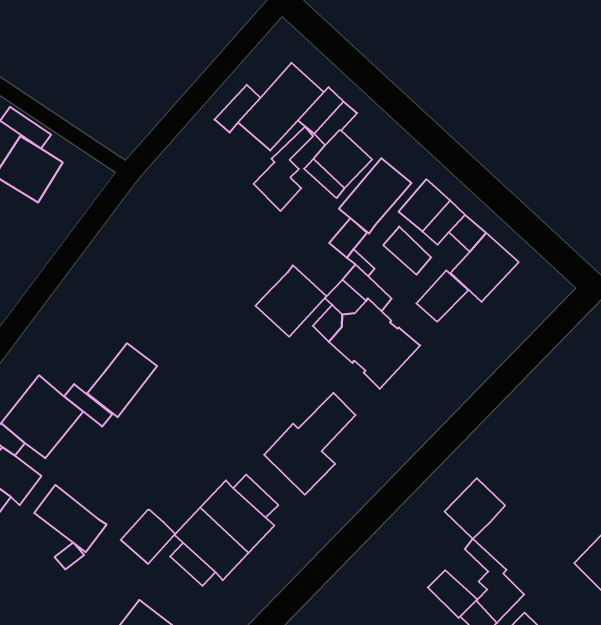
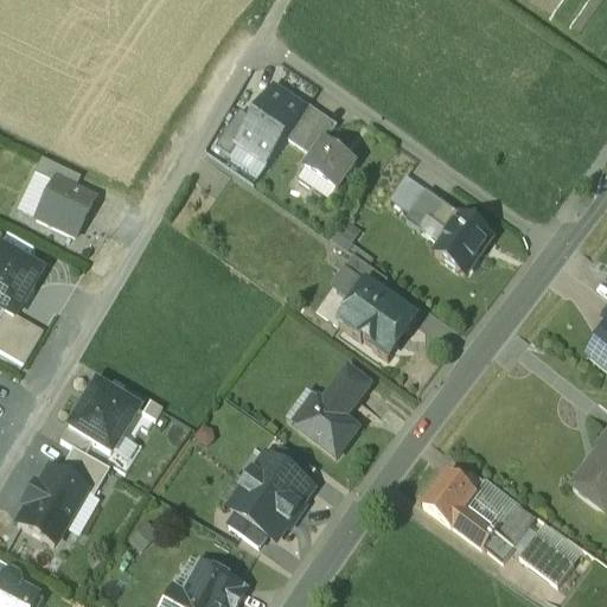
building: [254,127,313,211] -> none
building: [339,158,411,234] -> none
building: [383,226,431,275] -> none
building: [255,265,327,337] -> none
building: [416,270,469,322] -> none
building: [87,343,157,417] -> none
building: [445,478,505,539] -> [422,467,473,519]
building: [34,485,107,552] -> none
building: [121,510,175,564] -> none

